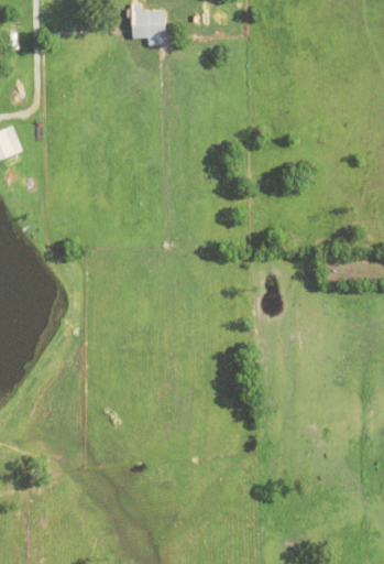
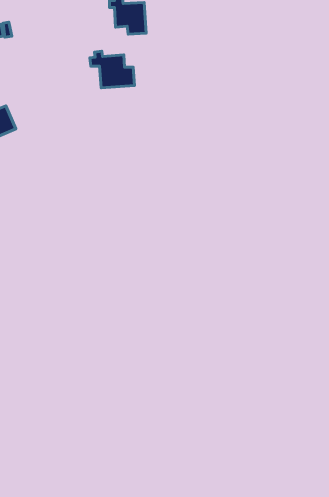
building: none -> [90,51,134,88]

